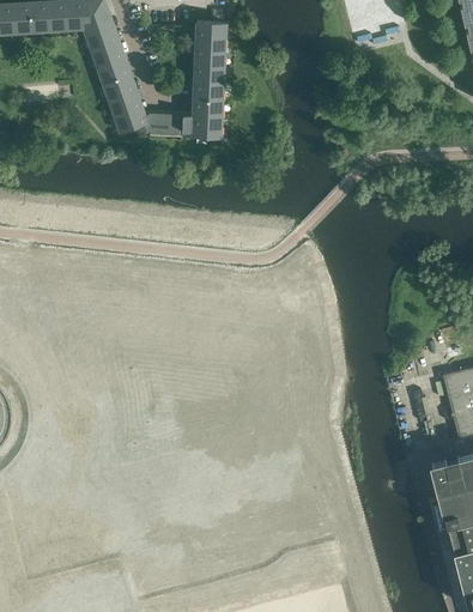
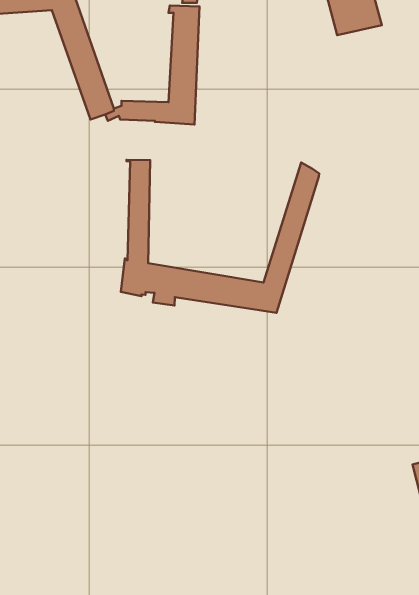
building: none -> [121,160,319,313]

